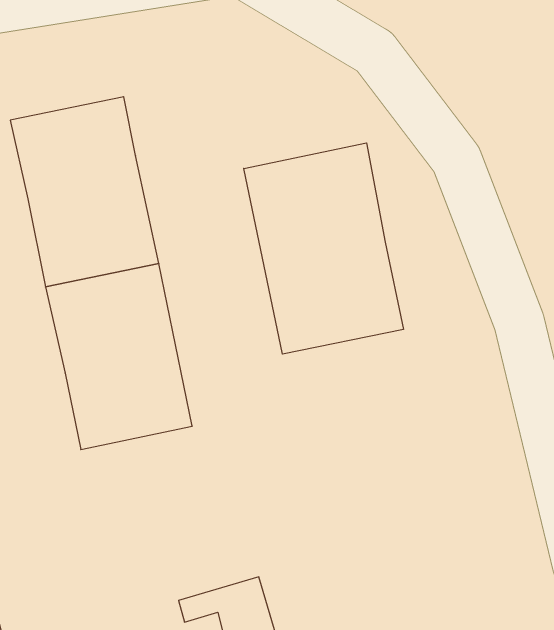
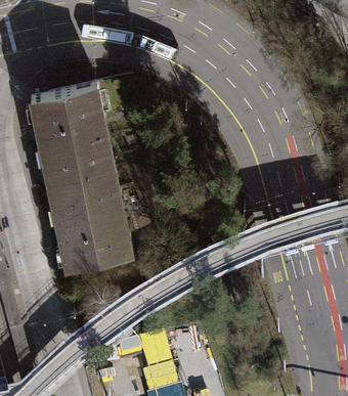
building: [244,143,403,354] -> none

